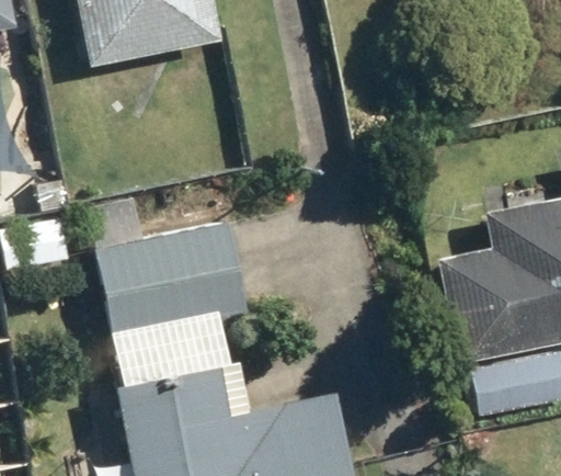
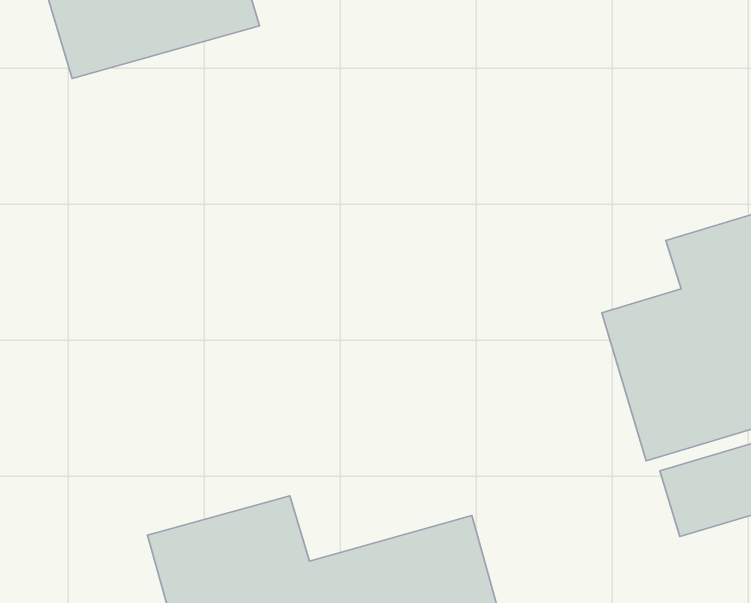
building: [96,223,249,338] -> none

